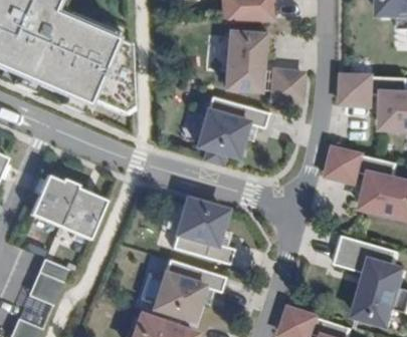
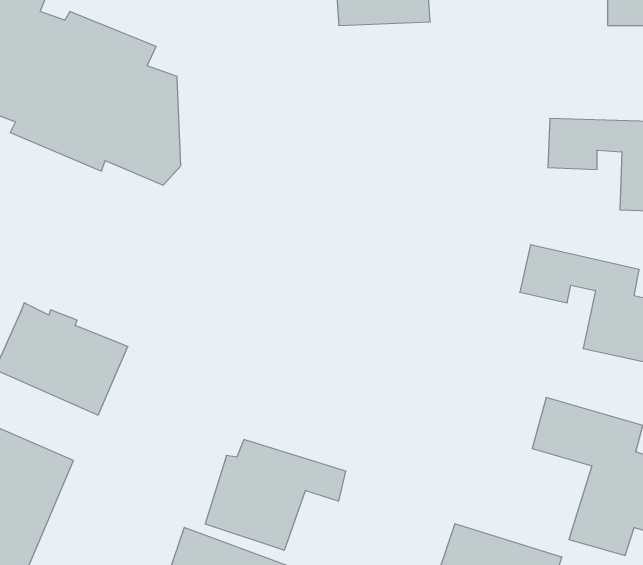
building: [217,33,268,97] -> none
building: [267,69,302,106] -> none
building: [189,98,268,163] -> none
building: [169,194,236,266] -> none

